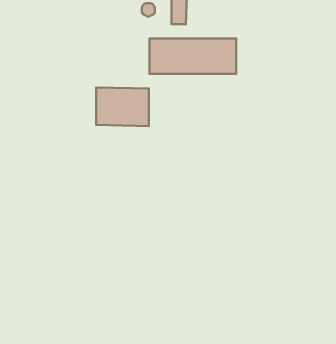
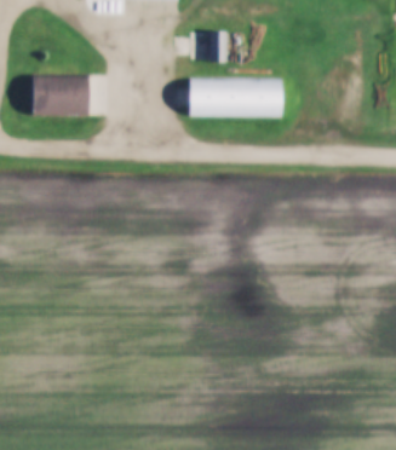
building: [96,87,149,126] -> [30,73,88,115]

